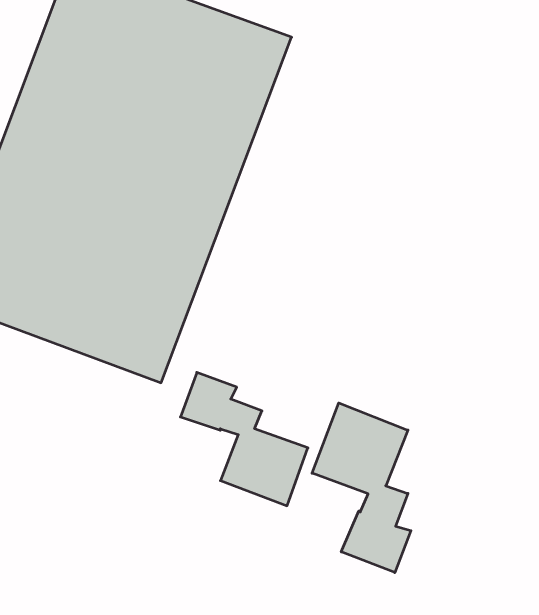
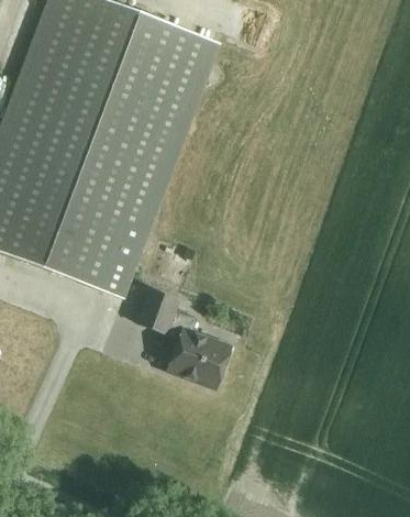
building: [312,403,411,573] -> none

